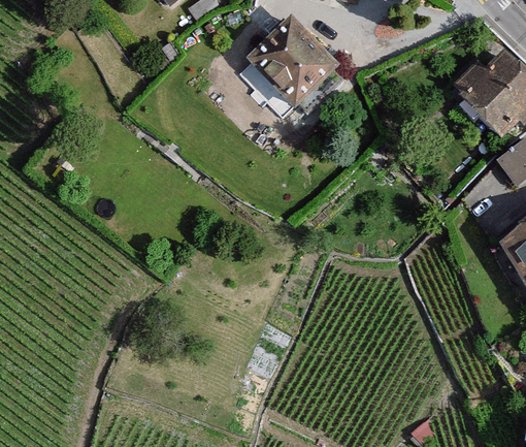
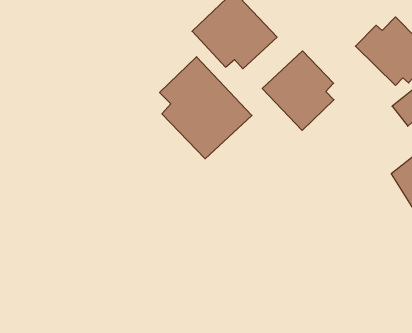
building: none -> [262,51,334,130]
building: none -> [160,57,252,159]

